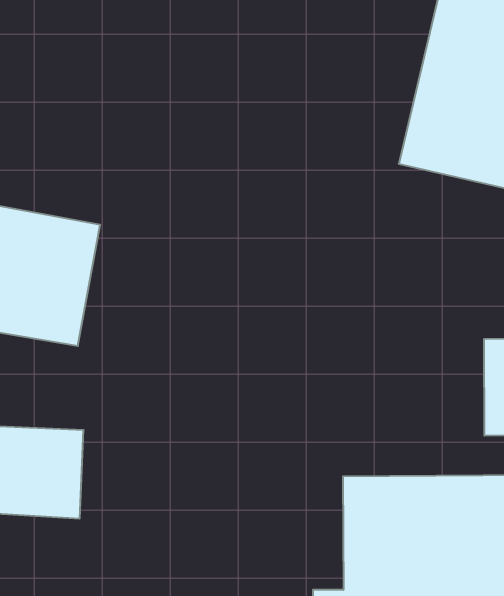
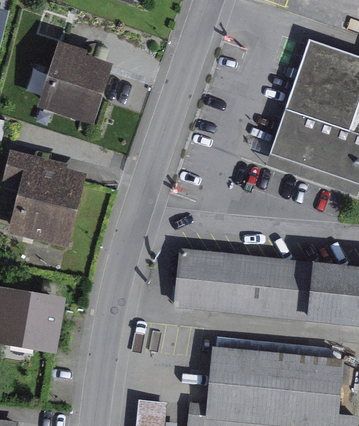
building: none -> [45,48,118,118]
building: none -> [170,250,308,321]

